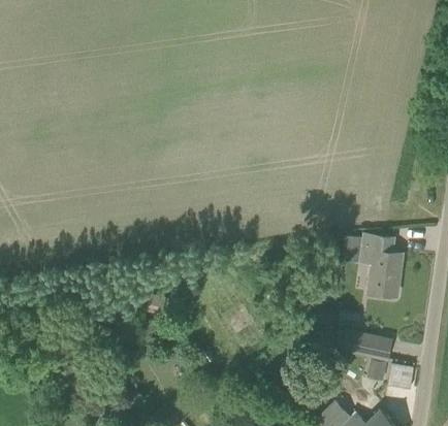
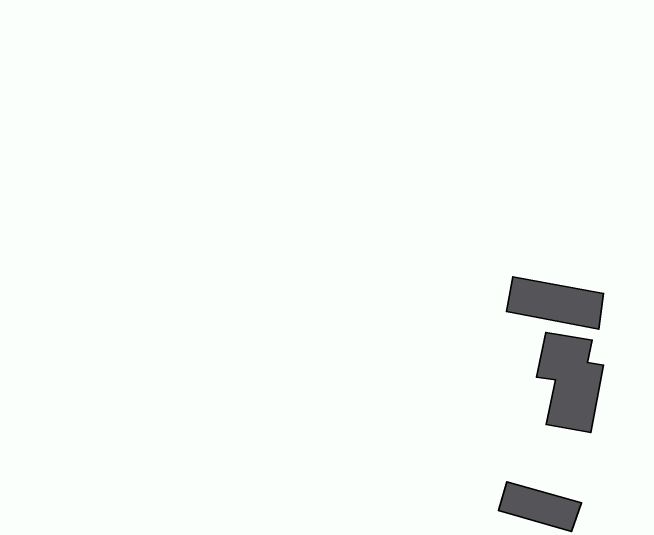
building: none -> [506,277,603,329]

